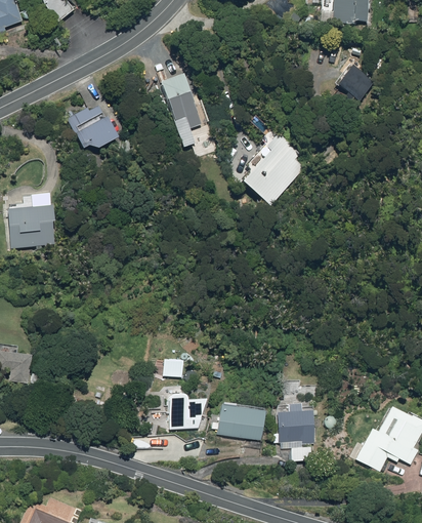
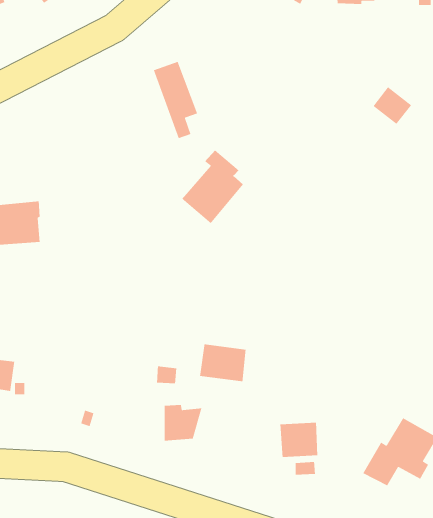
building: [337,64,374,99] -> [372,86,412,125]
building: [68,105,118,148] -> none
building: [245,134,303,204] -> [181,149,244,224]
building: [220,404,264,440] -> [199,344,247,382]

